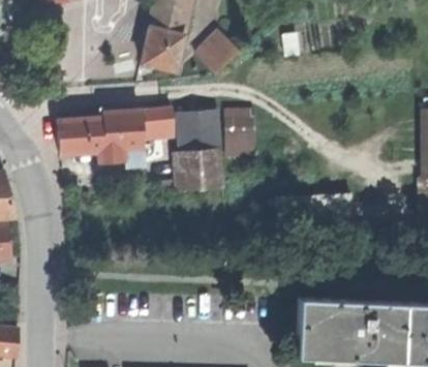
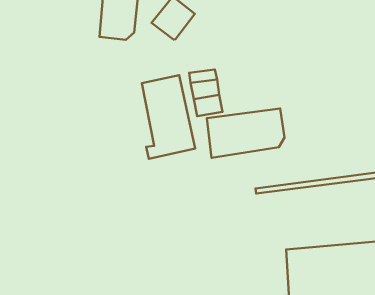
building: [56,109,172,161] -> none
building: none -> [207,108,284,158]

